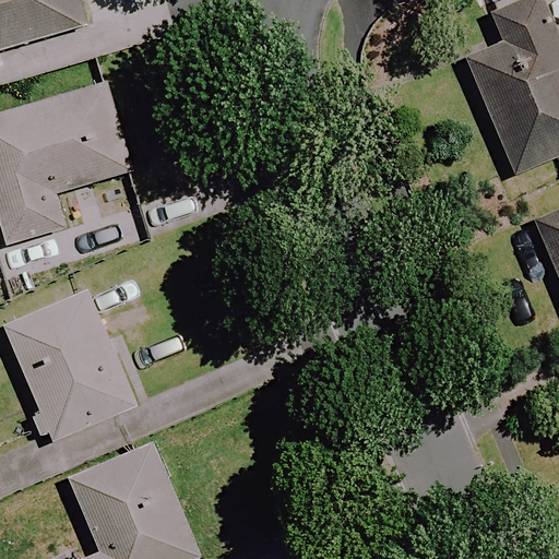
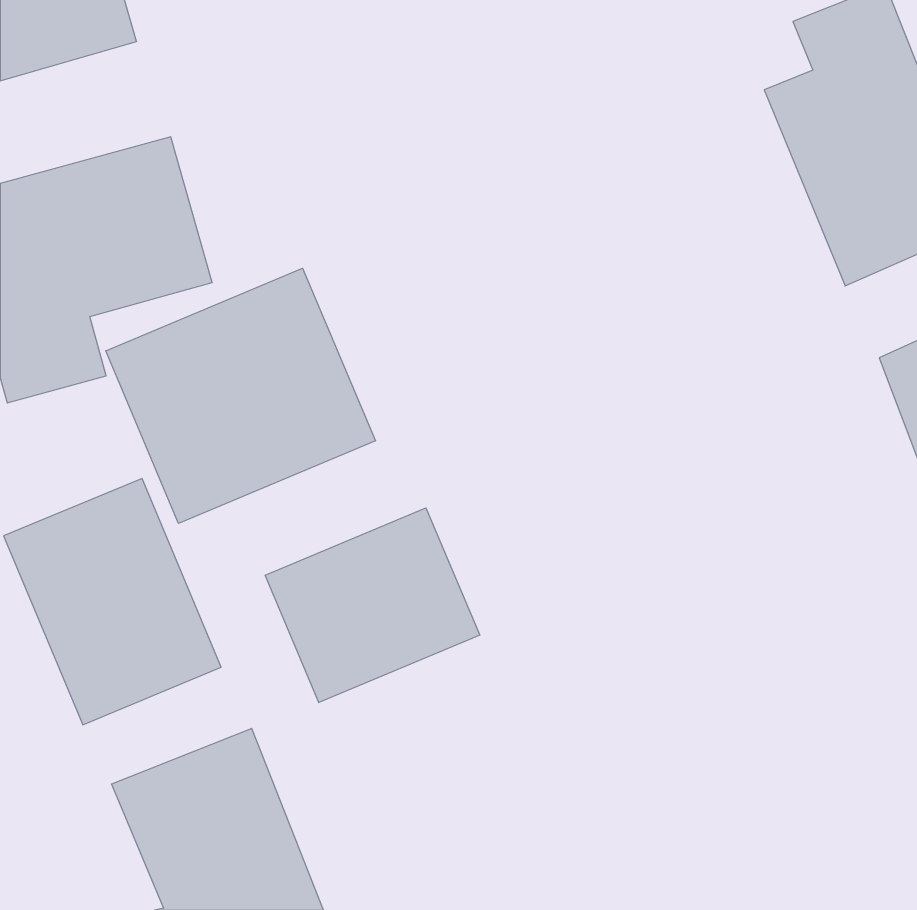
building: none -> [106,268,375,523]
building: none -> [265,508,480,703]

